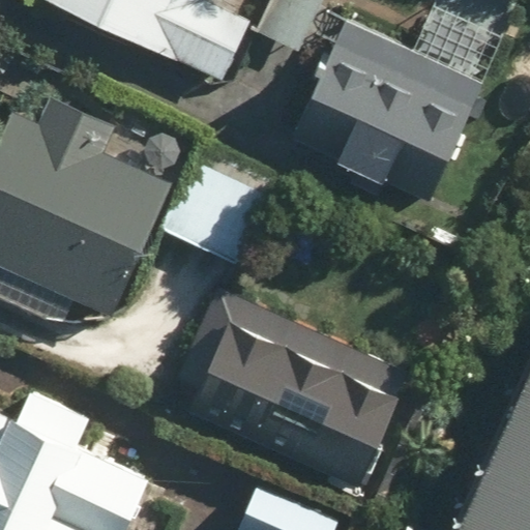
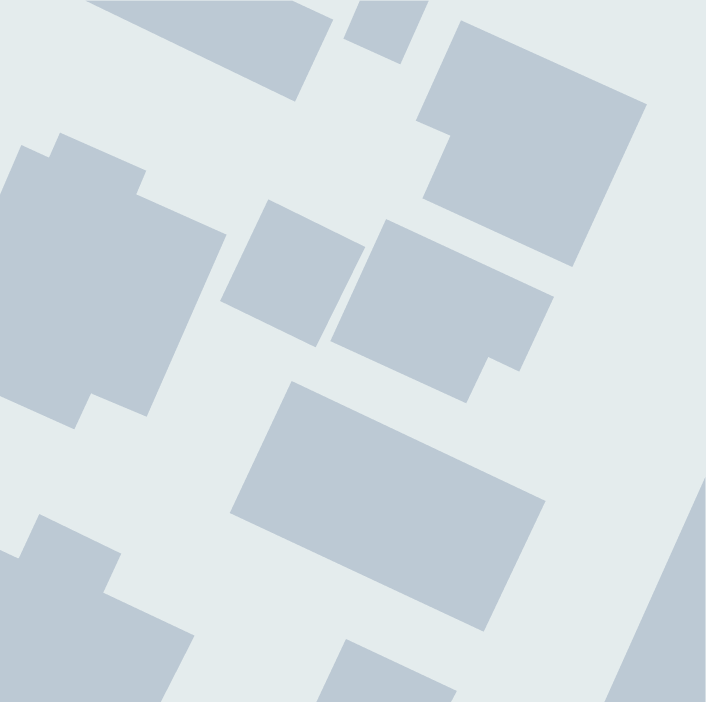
building: none -> [329,218,555,404]

